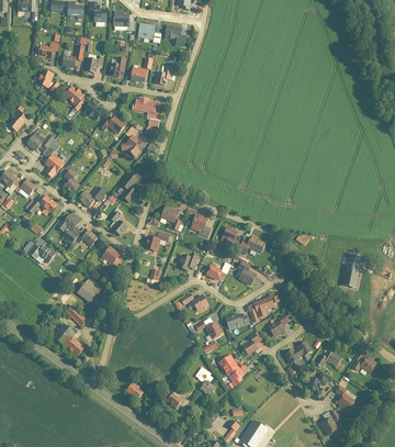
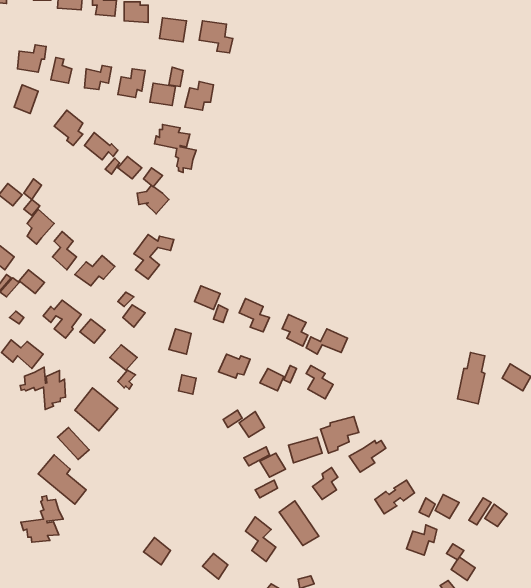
building: none -> [20,367,65,410]
building: none -> [21,496,63,542]

